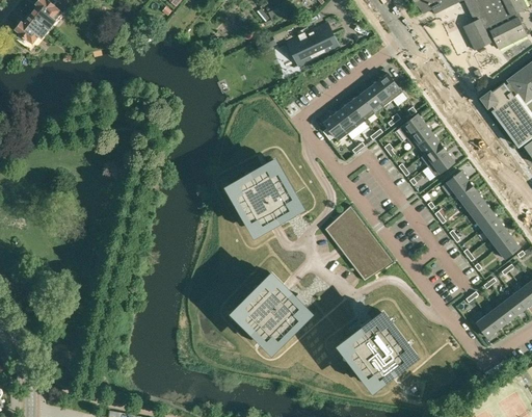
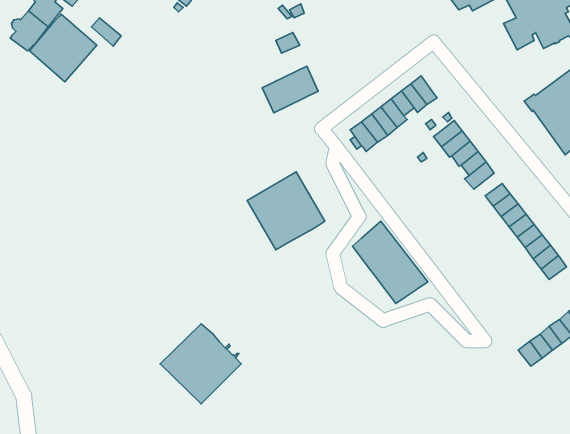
building: none -> [29,14,97,82]
building: [287,22,338,64] -> [262,66,318,113]
building: [234,275,308,347] -> [160,324,241,404]
building: [341,313,414,386] -> none

